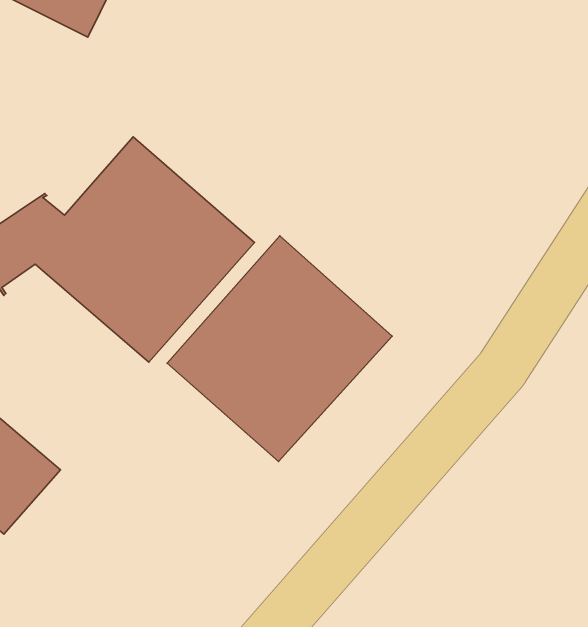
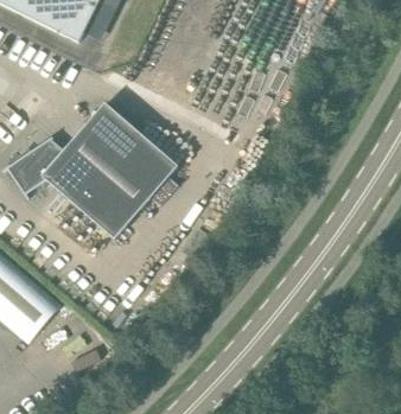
building: [167,236,392,462] -> none

